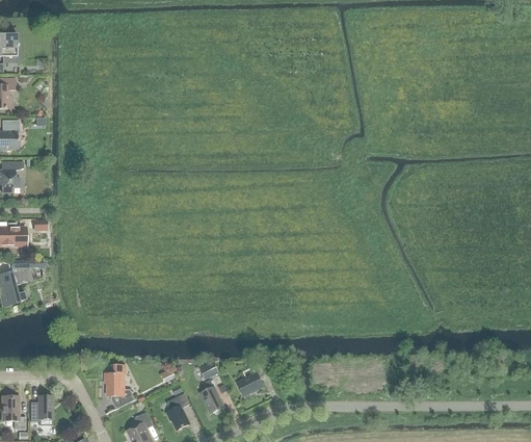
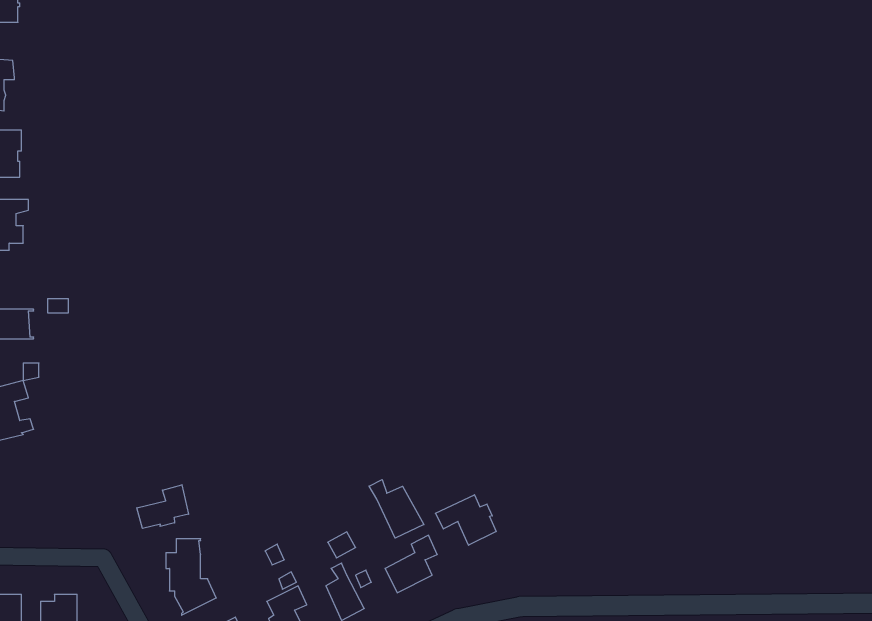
building: none -> [369,480,424,538]
building: none -> [137,485,189,528]
building: none -> [435,495,496,545]

